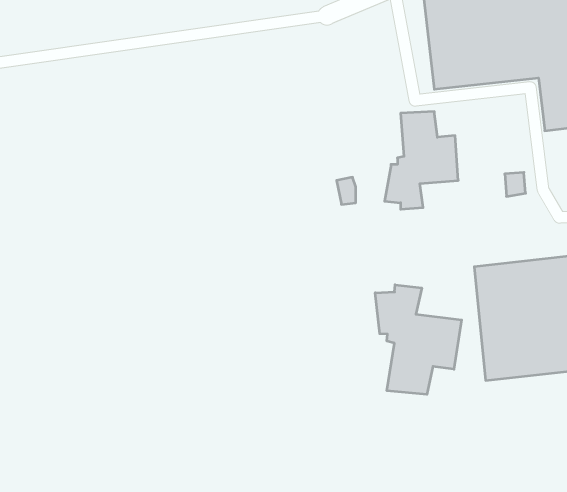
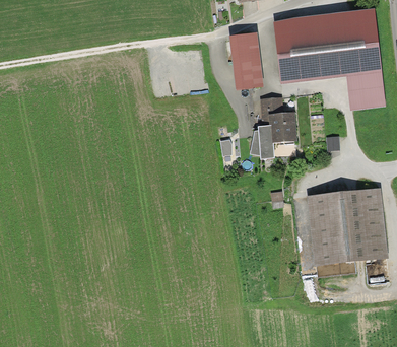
building: none -> [228,31,263,89]
building: [375,285,462,394] -> none

